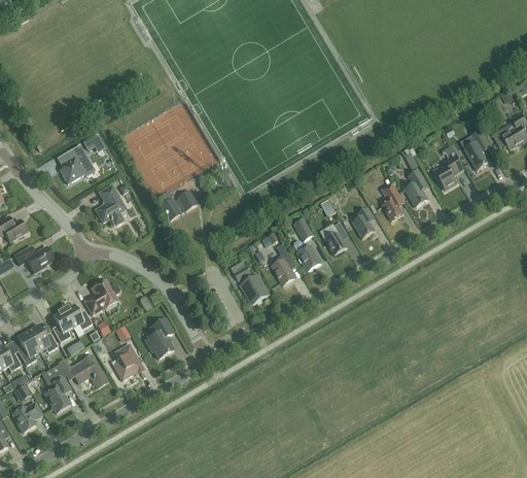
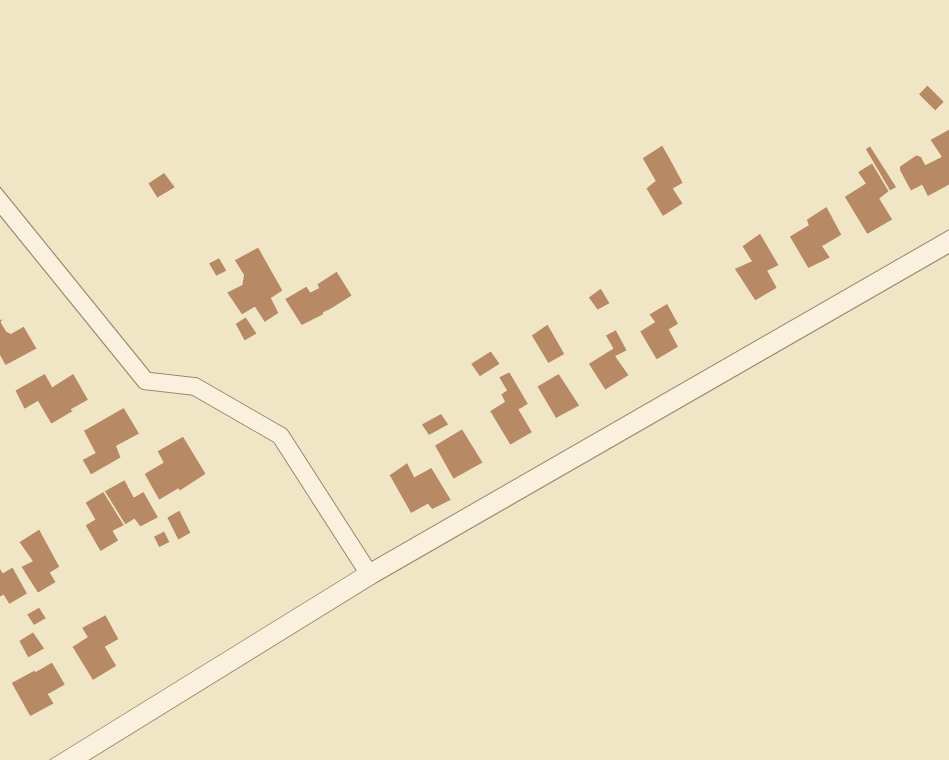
building: [59,145,90,183] -> none
building: [380,181,402,220] -> [642,145,683,217]
building: [94,184,125,226] -> [226,247,283,323]
building: none -> [82,407,140,475]
building: none -> [389,462,451,514]
building: [144,317,173,358] -> none
building: [27,323,58,352] -> none
building: [112,343,142,379] -> none
building: [58,353,107,385] -> none

